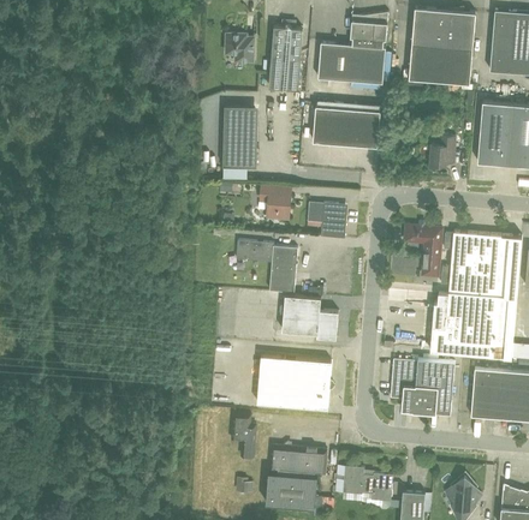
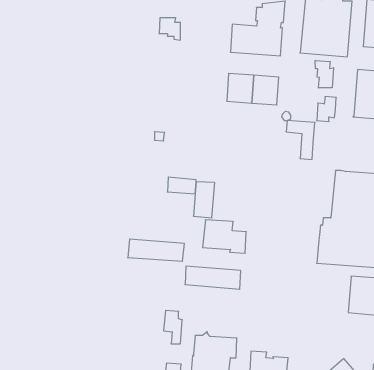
building: [268,28,302,91] -> none
building: none -> [315,60,334,88]
building: [221,106,255,167] -> none
building: [258,186,291,221] -> none
building: [307,203,346,239] -> none
building: [404,227,441,277] -> [286,121,315,160]
building: [390,360,454,416] -> none
building: [256,381,329,410] -> [128,239,184,261]

